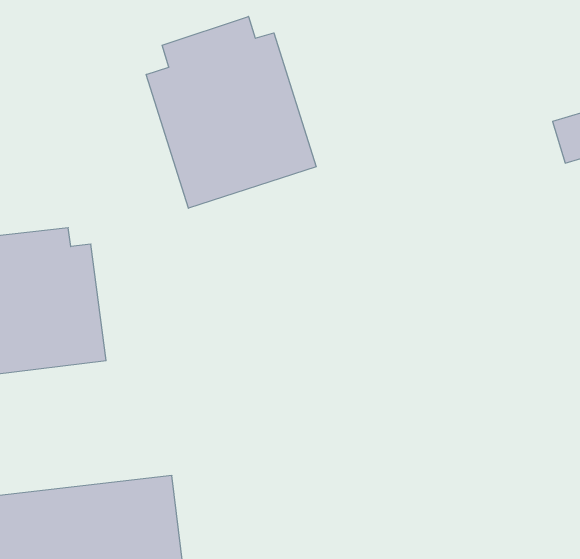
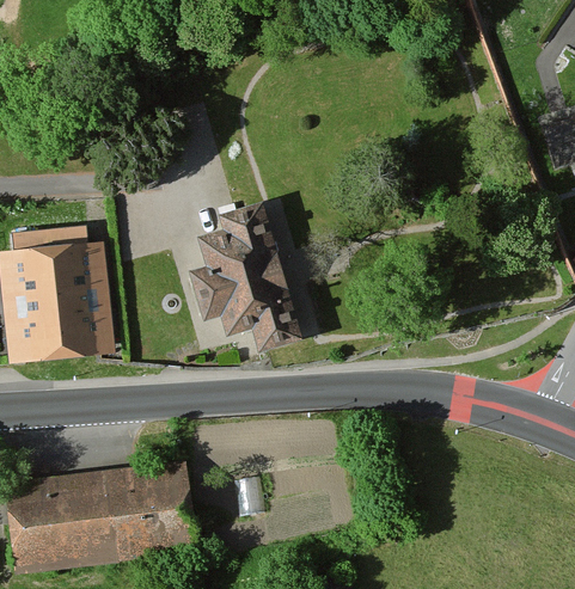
building: [146,16,316,208] -> none
building: none -> [189,201,307,348]

